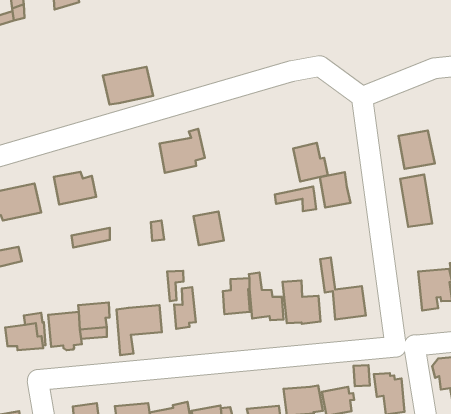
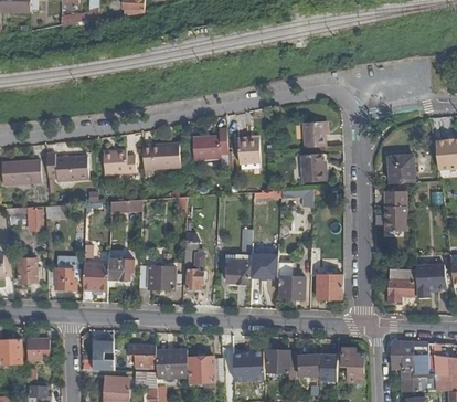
building: [103,67,153,105] -> [141,142,180,169]
building: [320,172,350,208] -> [302,120,325,147]
building: [193,211,224,245] -> [237,138,259,163]

